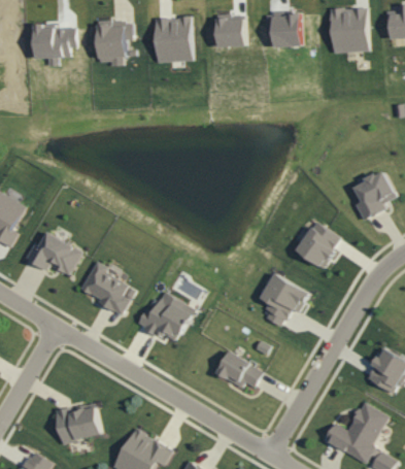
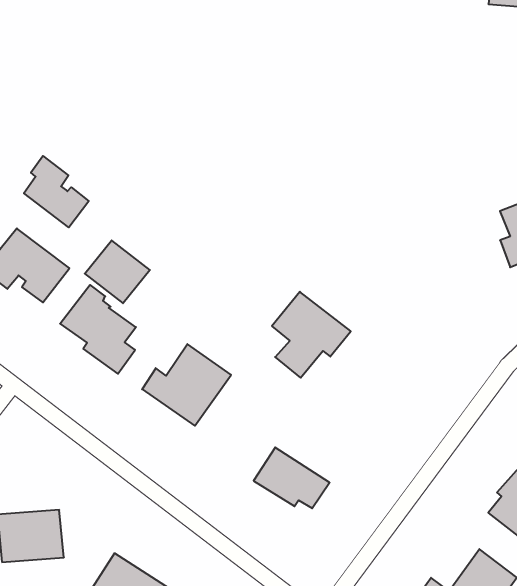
building: none -> [24,156,89,227]
building: [295,221,341,267] -> none
building: none -> [85,240,150,303]
building: [259,272,309,327] -> [272,292,351,378]

